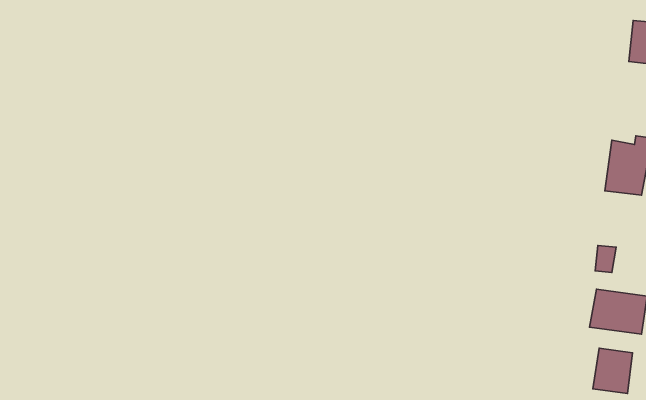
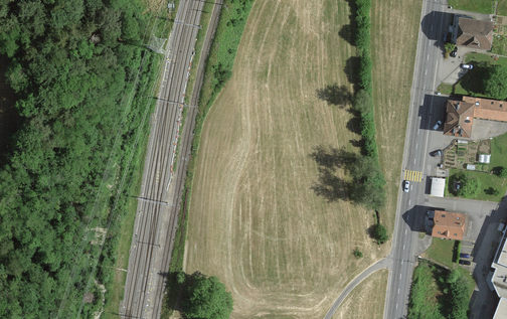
building: [593,348,632,393] -> none

